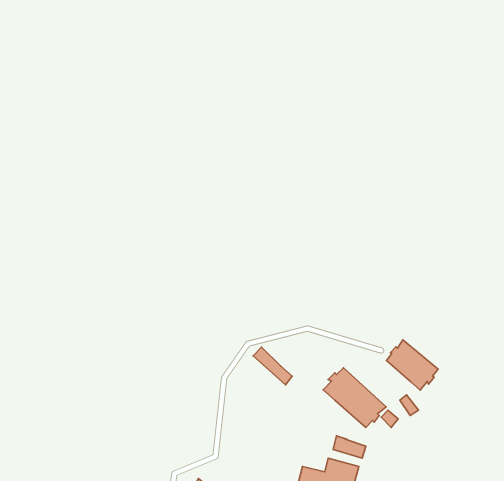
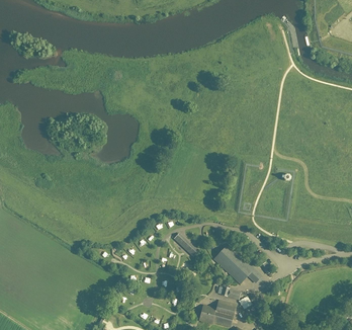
building: [387,340,438,390] -> none

